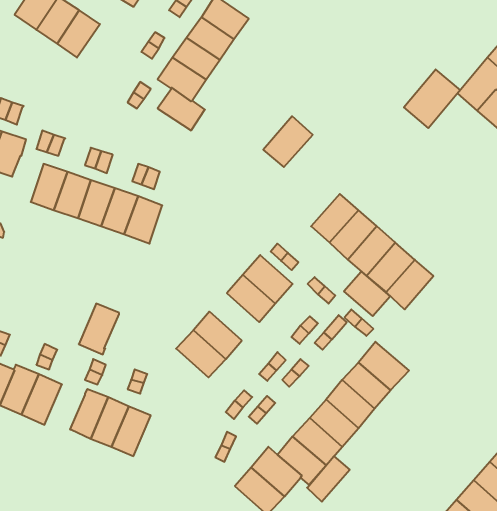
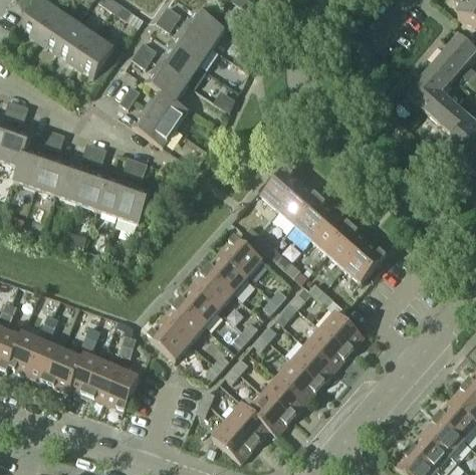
building: none -> [75,34,114,76]
building: [404,69,460,128] -> none
building: none -> [133,107,175,146]
building: [263,116,313,167] -> [261,166,304,210]
building: none -> [14,149,46,189]
building: [344,271,390,316] -> none
building: none -> [191,268,234,309]
building: [79,304,119,354] -> [47,347,82,392]
building: none -> [147,316,190,359]
building: [307,456,350,502] -> none

